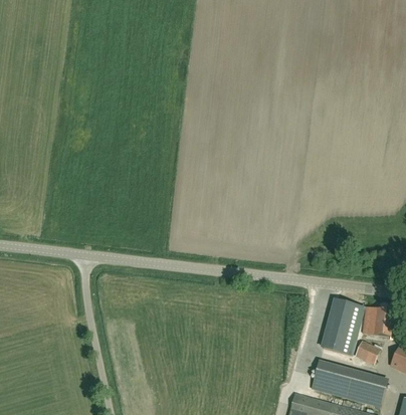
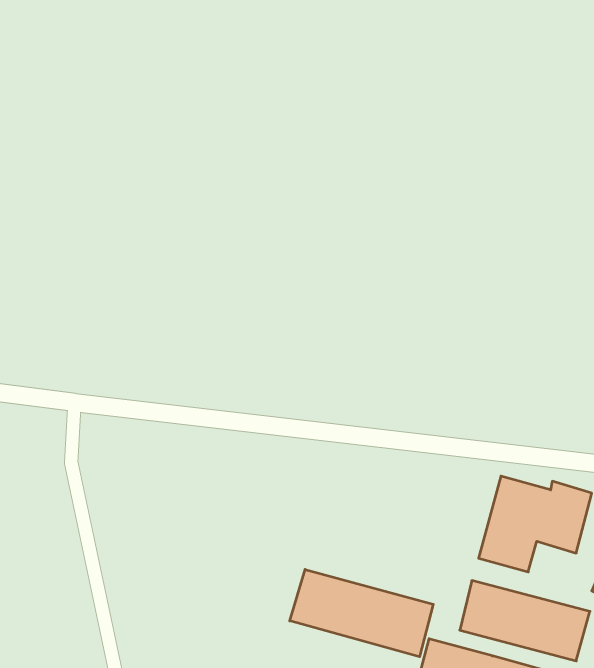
building: [354,340,380,365] -> none
building: none -> [290,569,433,657]

